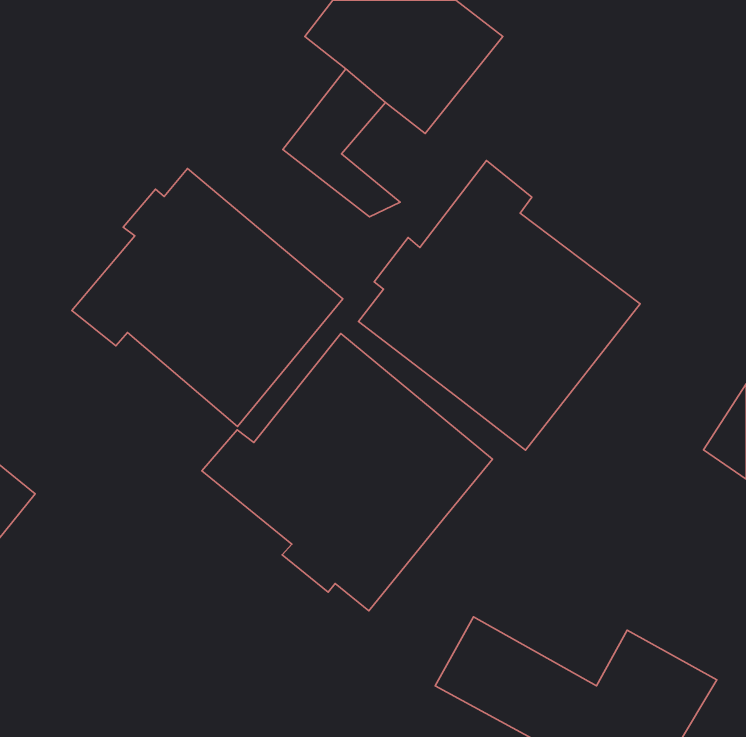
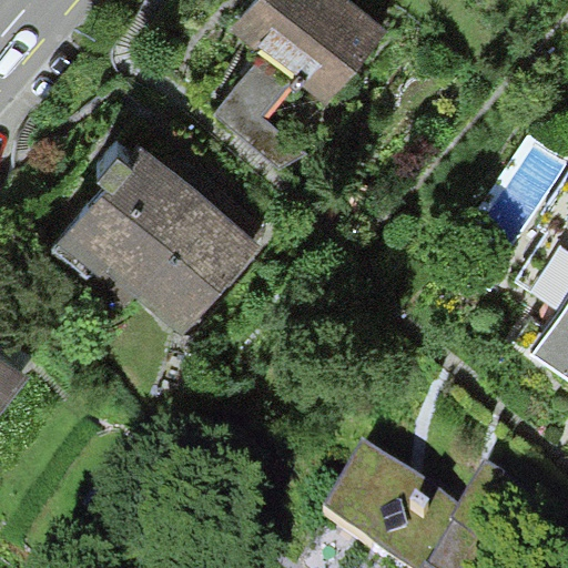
building: [359,160,640,450] -> none
building: [202,334,492,611] -> none

